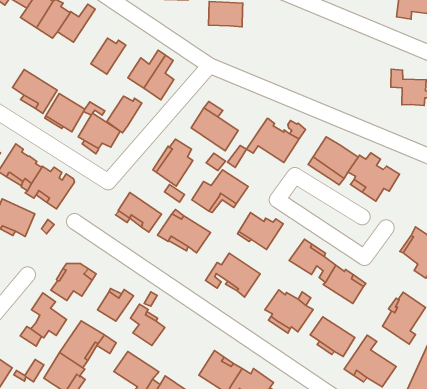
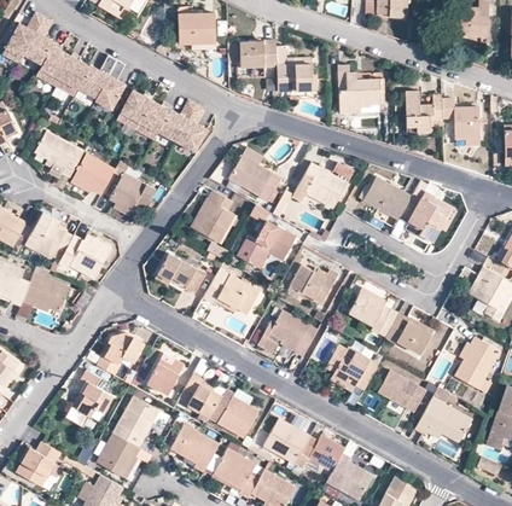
building: none -> [275,45,312,89]
building: none -> [95,59,126,109]
building: none -> [337,64,380,106]
building: none -> [405,91,442,132]
building: [107,96,142,133] -> [135,99,171,139]
building: none -> [208,389,256,435]

